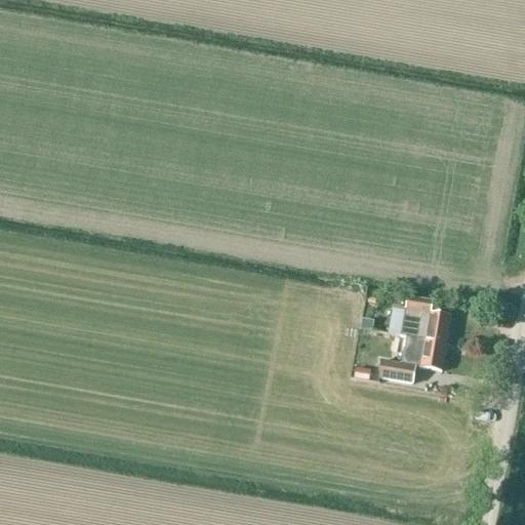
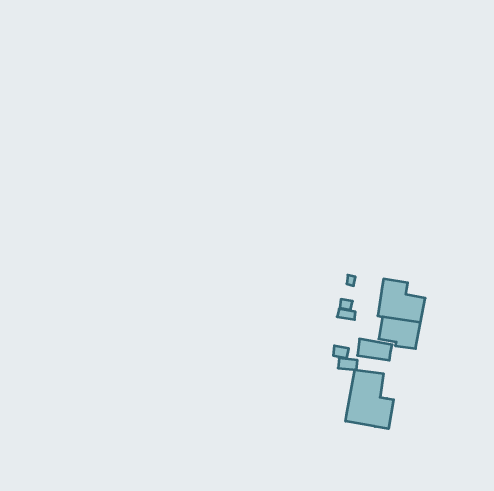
building: none -> [346,370,394,429]

